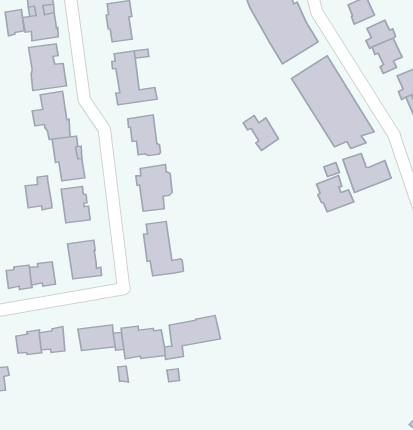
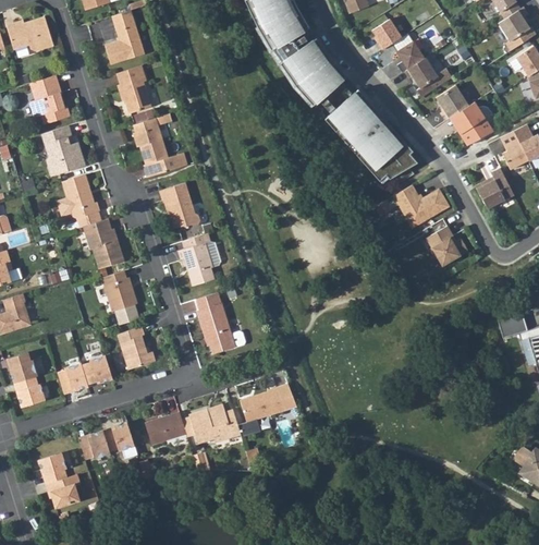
building: [5,9,24,36] -> none
building: [243,116,278,150] -> none
building: [316,176,354,212] -> [425,226,467,266]
building: [25,176,52,210] -> none

